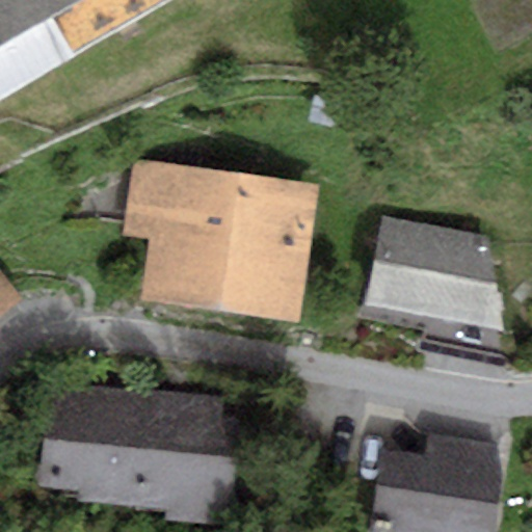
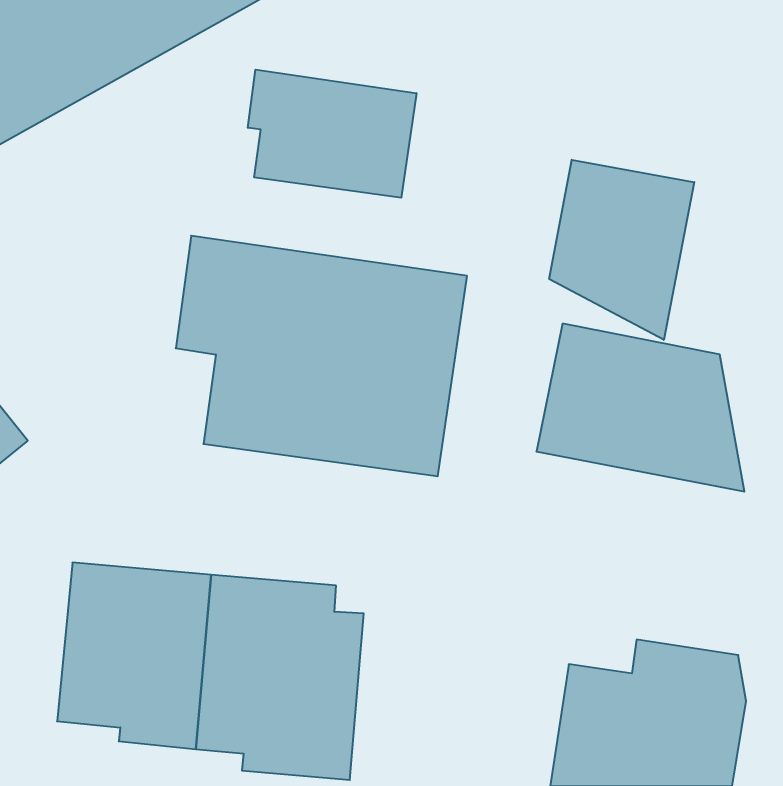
building: none -> [248,70,416,198]
building: none -> [549,160,694,340]

